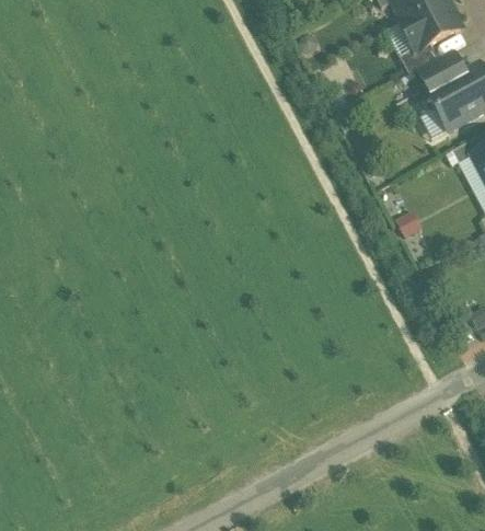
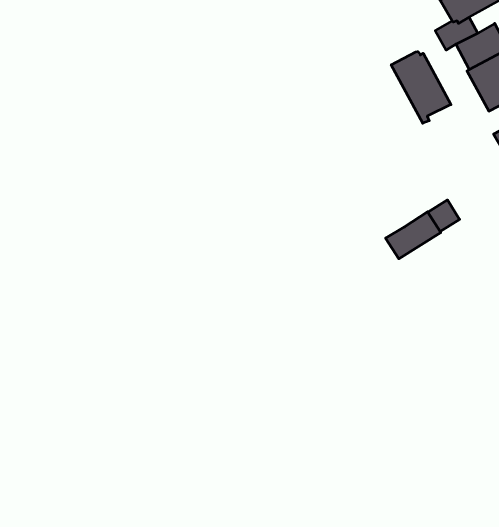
building: none -> [391,52,451,123]
building: none -> [386,212,441,259]

